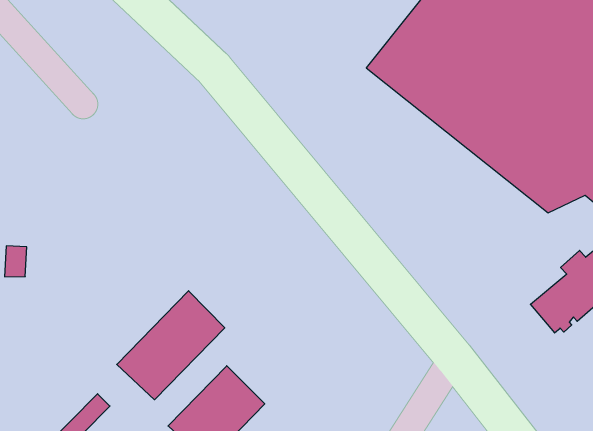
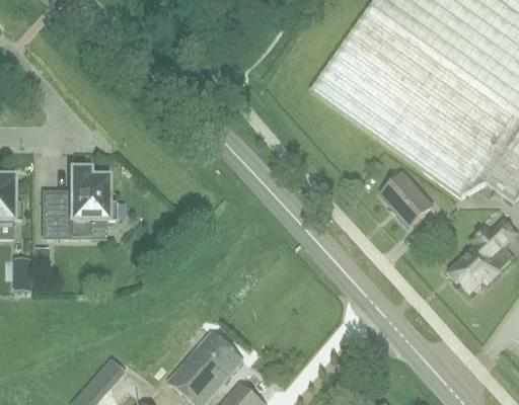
building: none -> [46,167,118,235]
building: none -> [380,173,431,225]
building: [117,291,225,400] -> none

